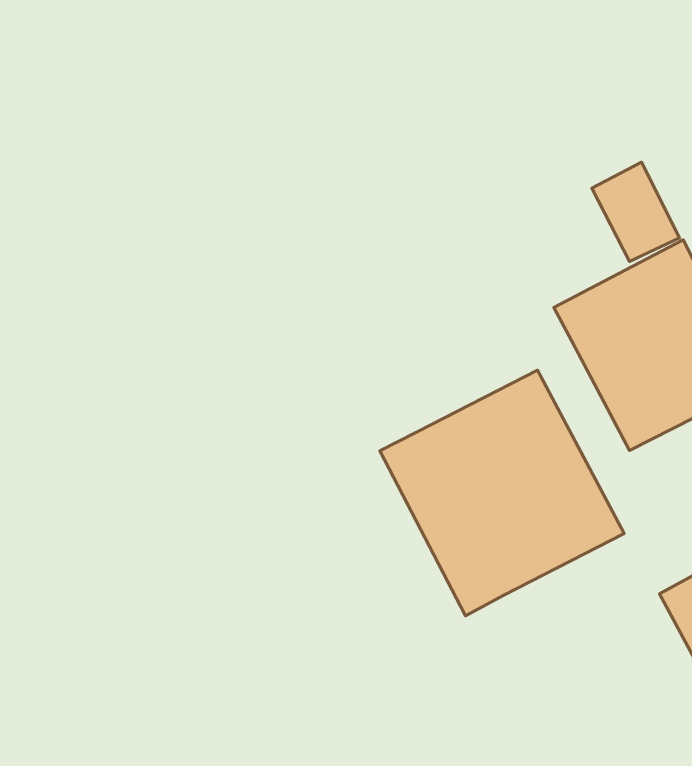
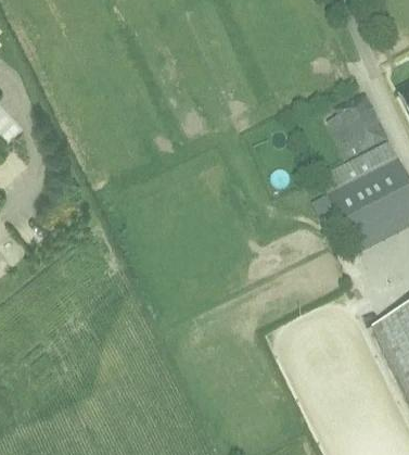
building: [380,370,624,616] -> none

